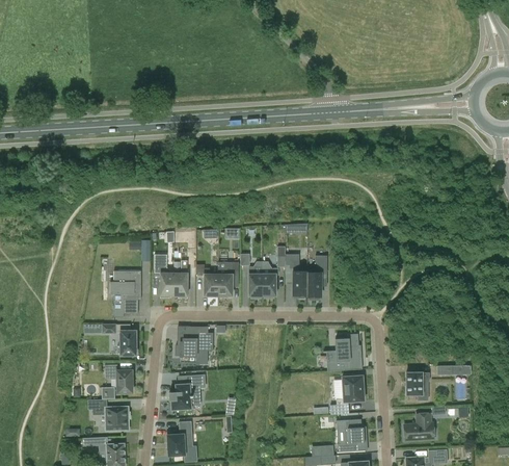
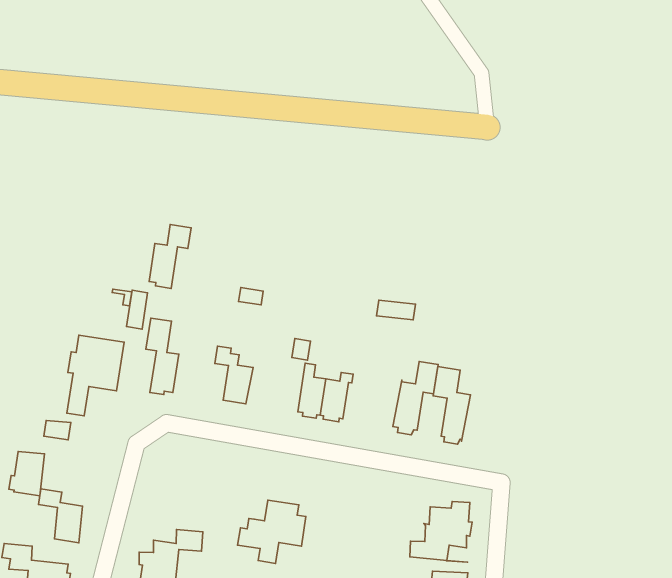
building: [285,254,306,297] -> [433,367,471,444]
building: [173,260,193,297] -> [149,224,191,288]
building: [217,262,238,295] -> none
building: [176,326,213,362] -> [238,500,306,563]
building: [117,330,136,355] -> [9,452,45,496]

